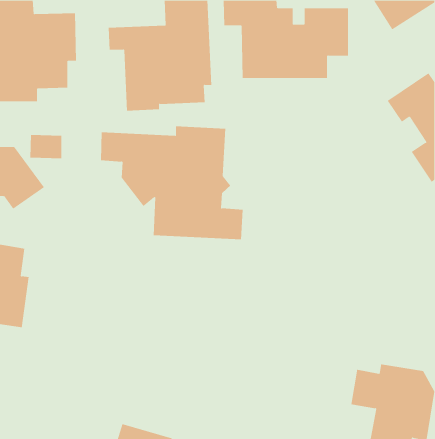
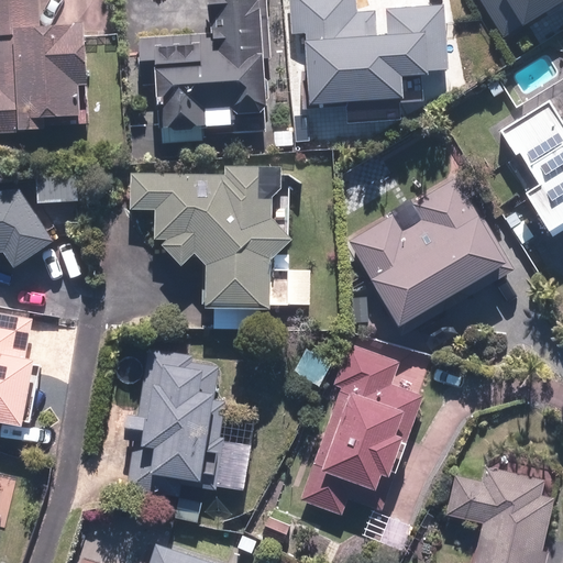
building: none -> [349,173,511,328]
building: none -> [297,344,421,516]
building: none -> [124,347,250,496]

